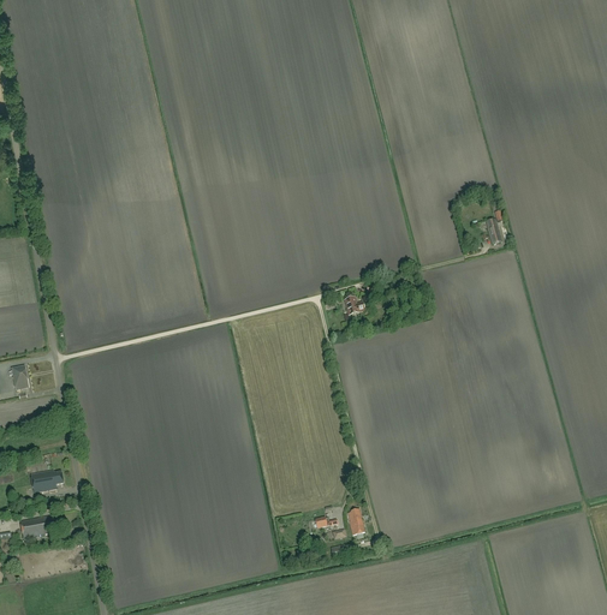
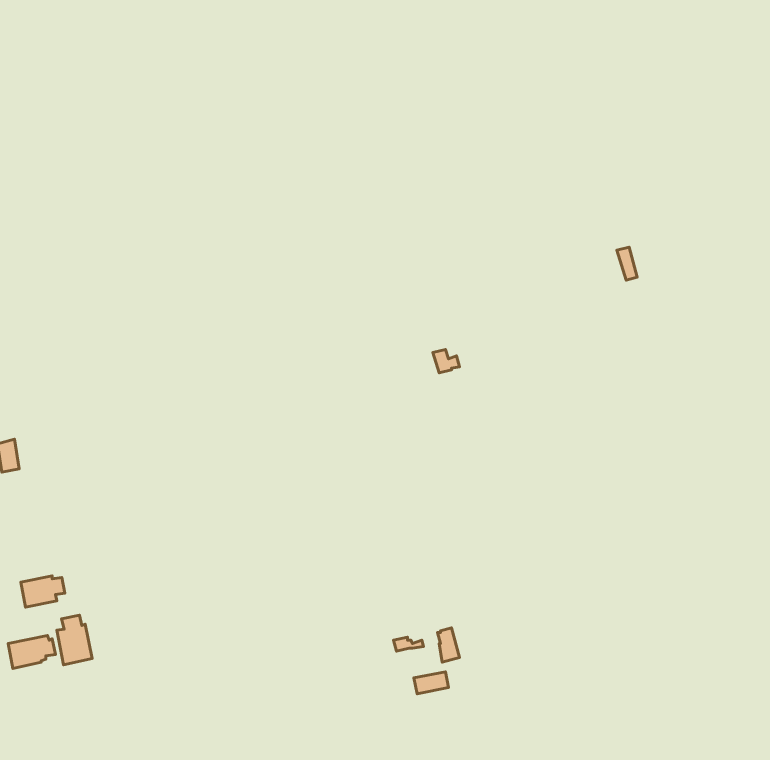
building: none -> [57,615,92,665]

